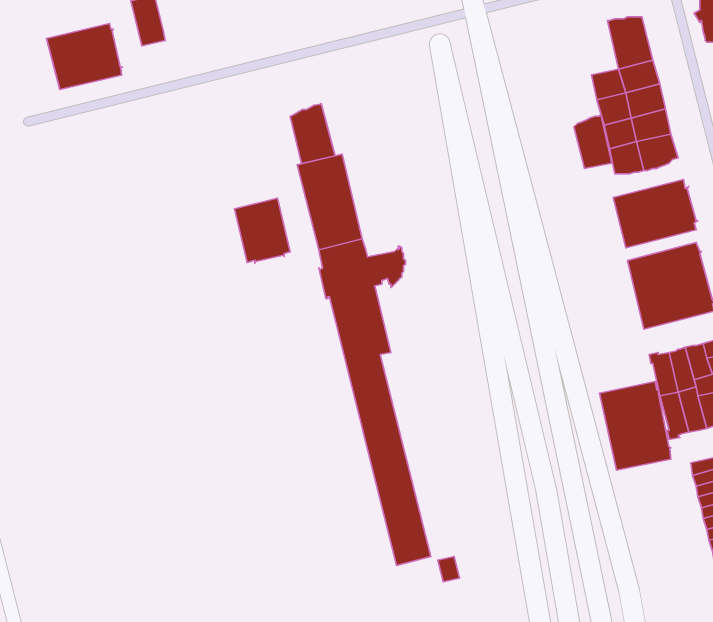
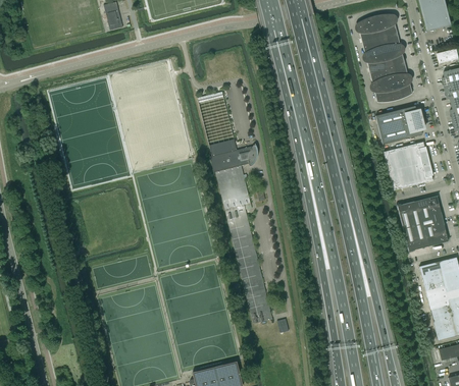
building: [46,23,122,90] -> none
building: [290,104,335,163] -> none
building: [574,114,612,168] -> [357,16,378,47]
building: [234,198,290,263] -> none
building: [600,382,671,470] -> none

